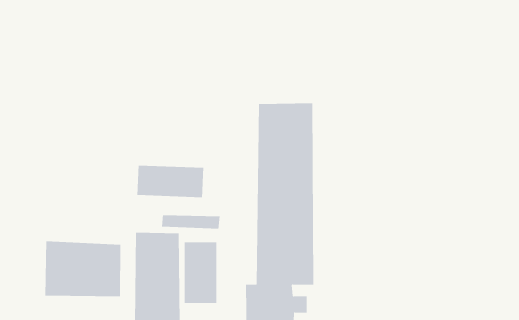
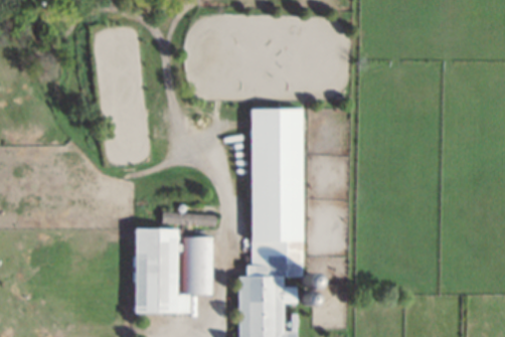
building: [137,165,204,198] -> none
building: [45,241,121,297] -> none

